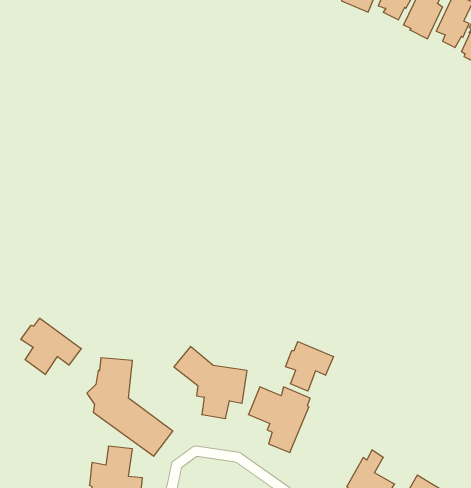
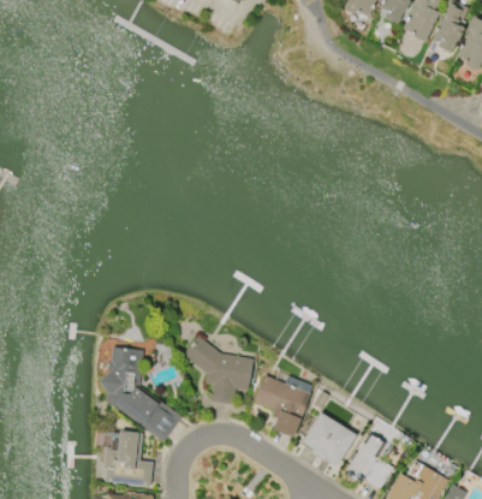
building: [21,318,81,375] -> none
building: [285,342,333,391] -> none
building: none -> [302,412,357,464]

